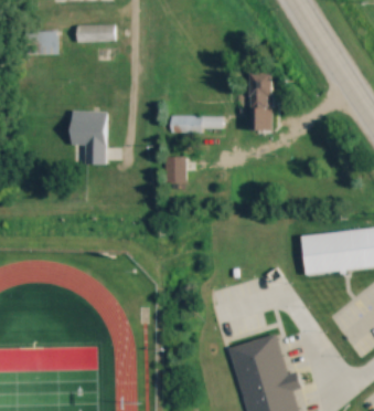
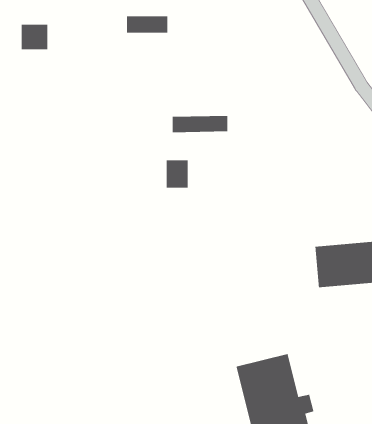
building: [76,25,115,42] -> [126,16,168,34]
building: [248,73,271,130] -> none
building: [71,112,106,165] -> none

